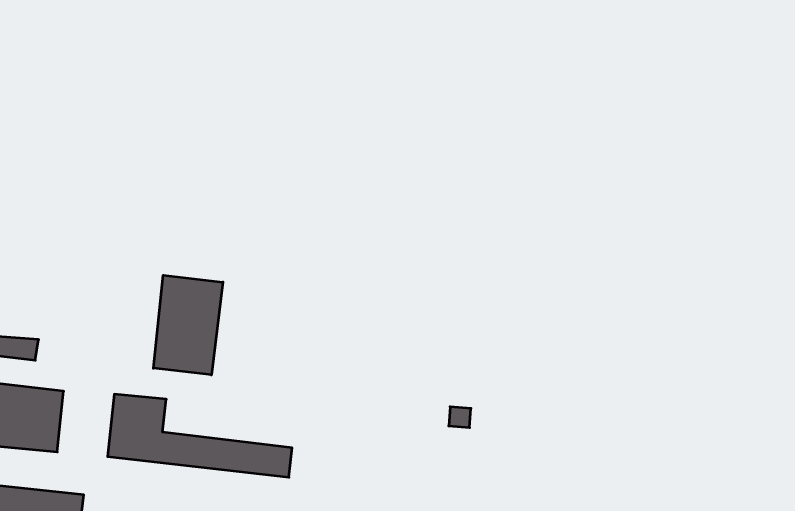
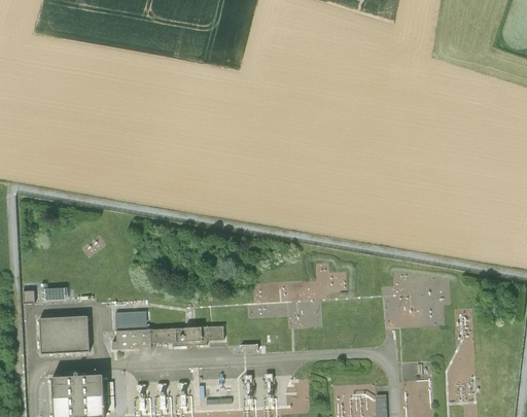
building: [153,275,223,375] -> none

